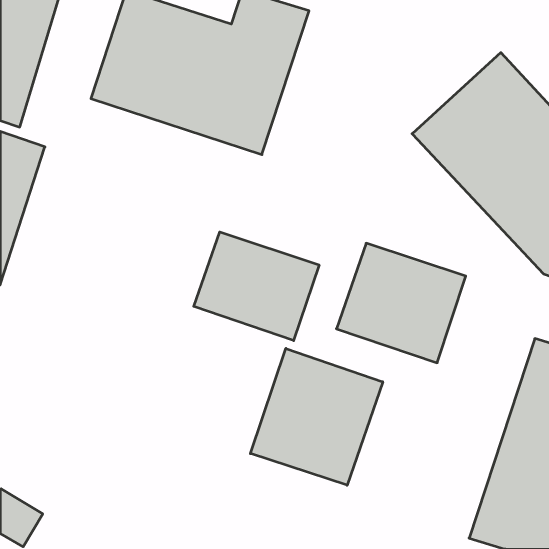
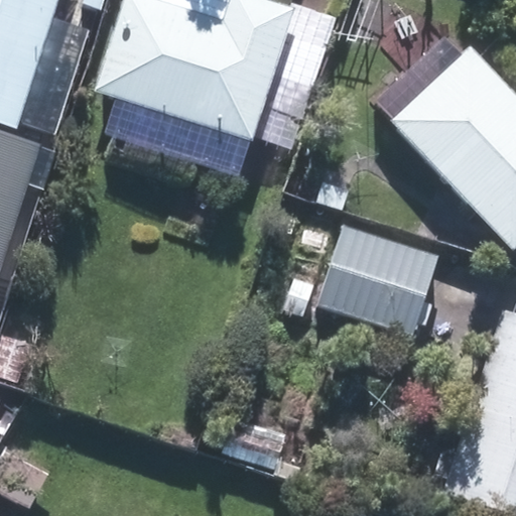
building: [194,232,319,341] -> none
building: [250,348,383,485] -> none

